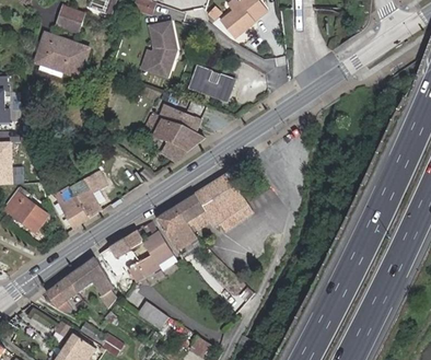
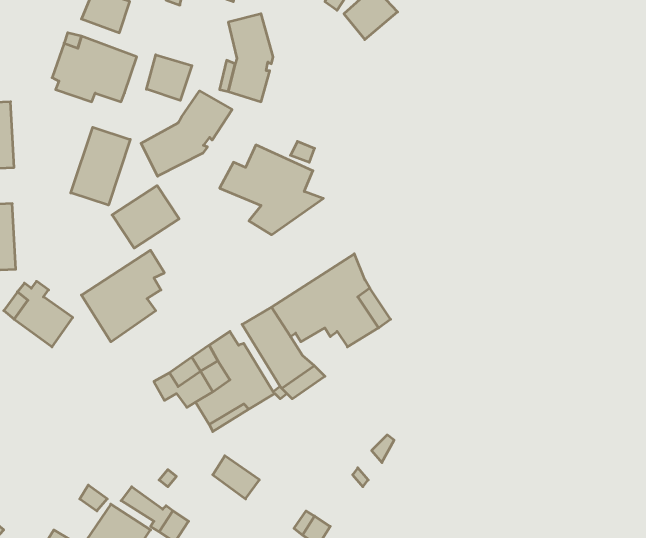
building: none -> [146,55,192,100]
building: [190,66,236,102] -> none
building: none -> [141,91,232,176]
building: none -> [71,127,130,205]
building: none -> [112,186,179,248]
building: [46,258,115,313] -> none

